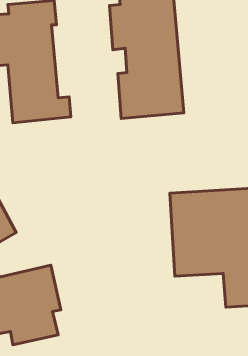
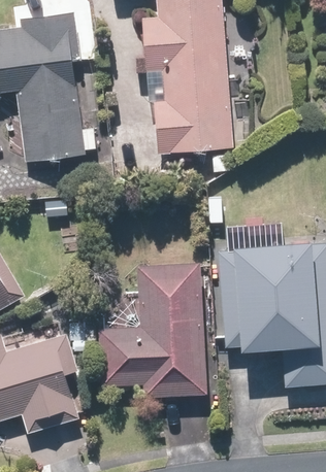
building: none -> [100,262,203,394]

